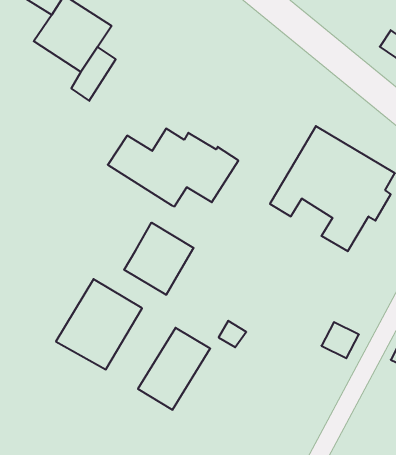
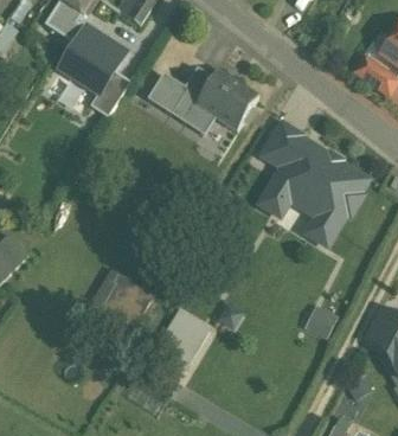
building: none -> [262,120,304,166]
building: [108,129,238,206] -> [148,68,259,134]
building: [124,223,194,295] -> none

